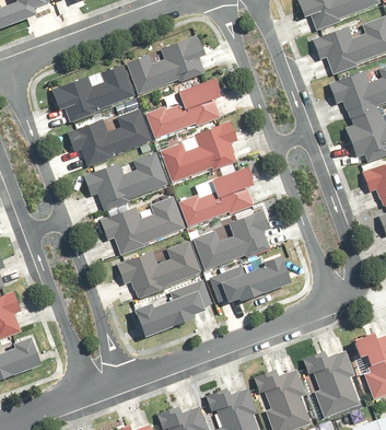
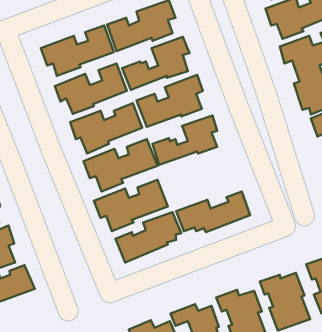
building: [192,209,270,267] -> none

